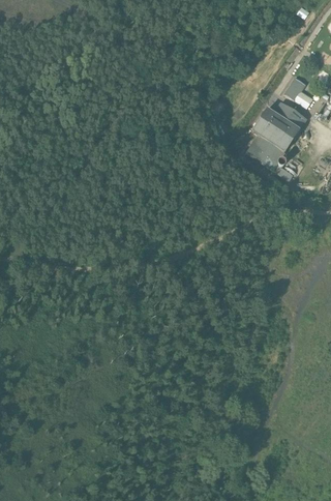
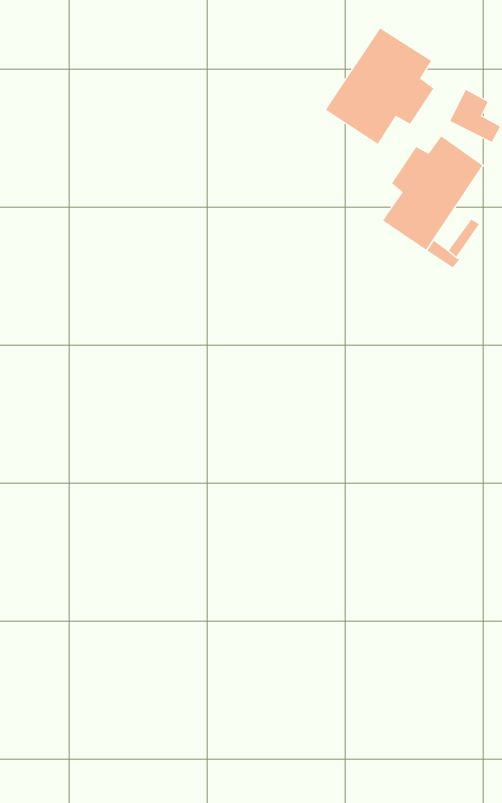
building: none -> [325,28,434,145]

